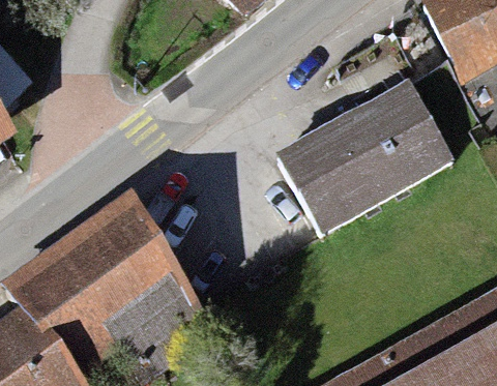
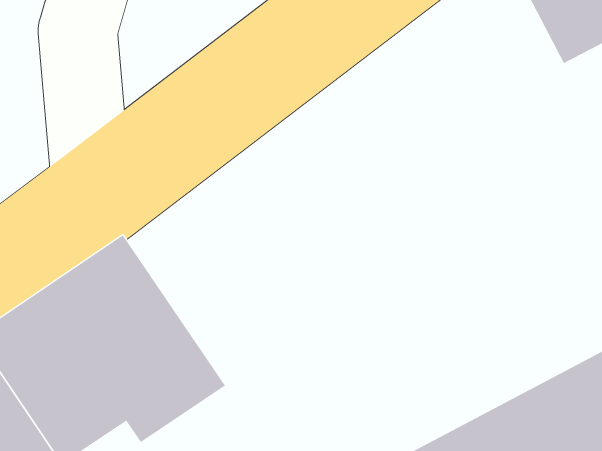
building: [282,90,443,228] -> none

